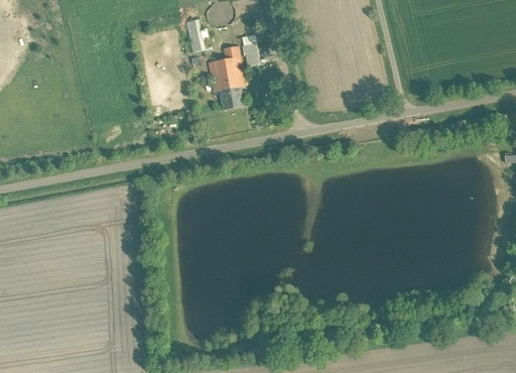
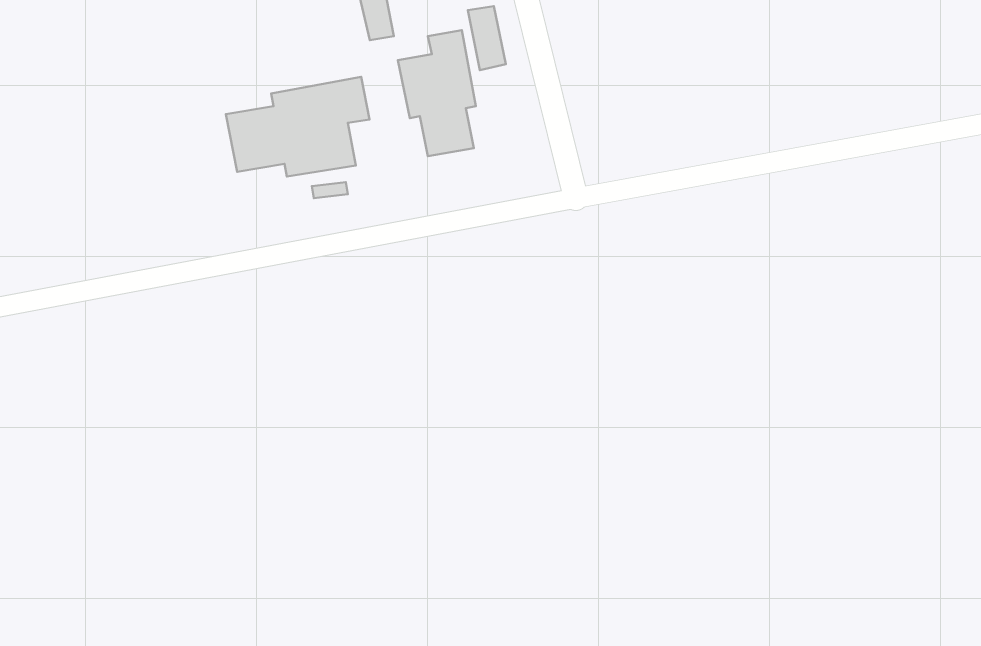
building: none -> [226,77,369,176]

